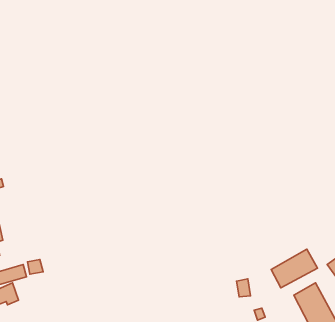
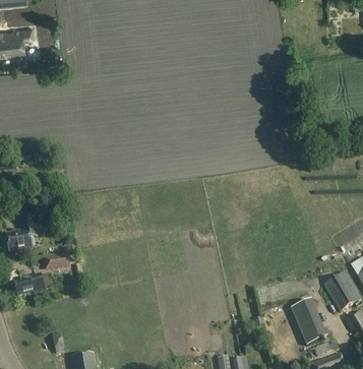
building: [271,249,317,288] -> none

